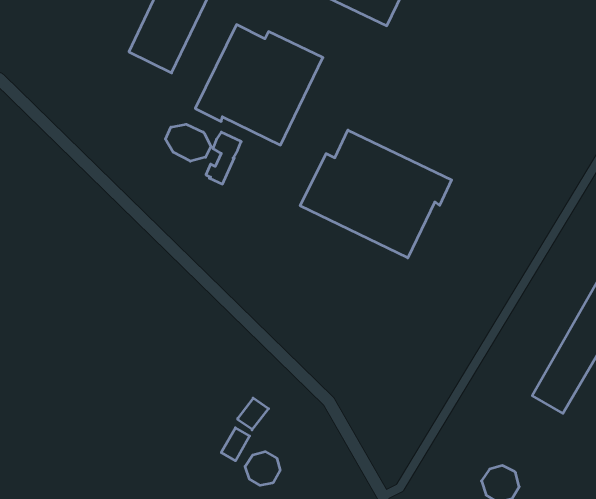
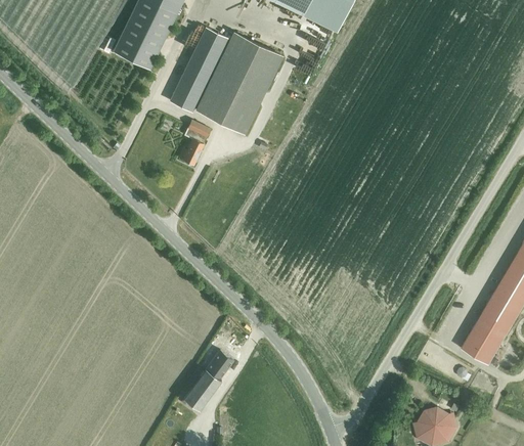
building: [165,124,211,161] -> none
building: [300,130,452,258] -> none
building: [245,452,280,485] -> none

